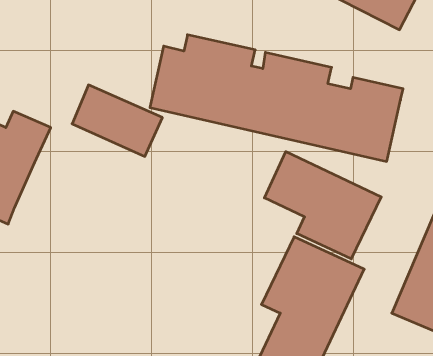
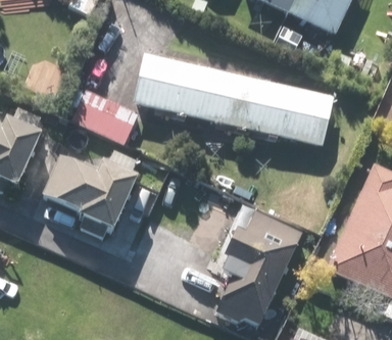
building: [264,152,381,259] -> none
building: none -> [36,150,153,239]

